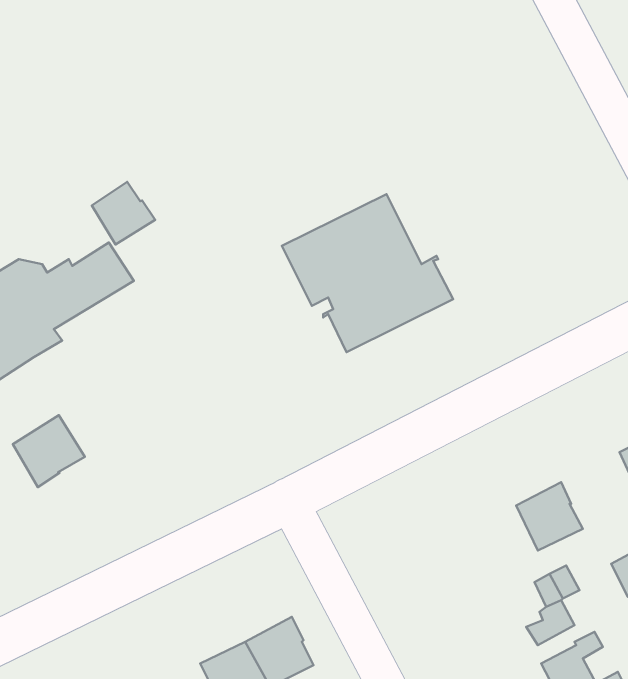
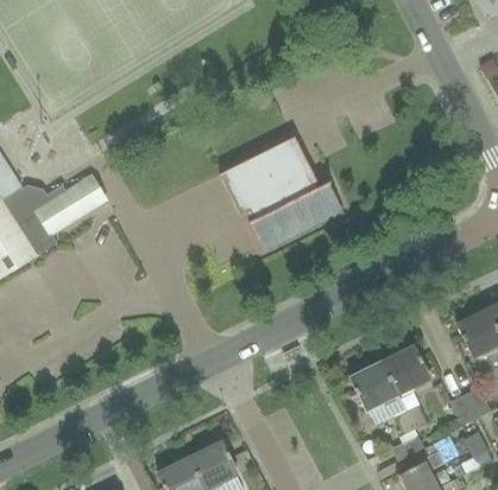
building: [92,182,155,245] -> none
building: [13,415,85,487] -> none
building: none -> [349,361,398,409]

